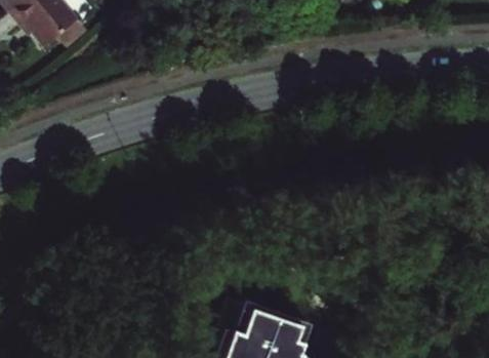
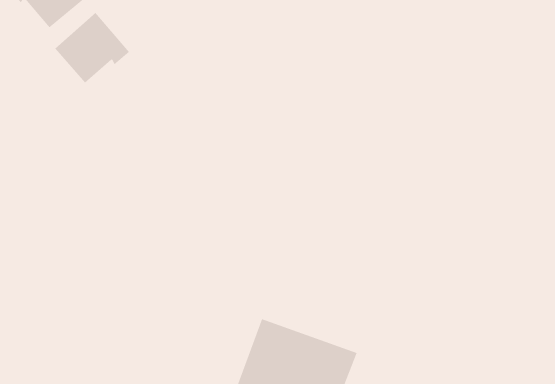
building: none -> [54,12,130,84]

